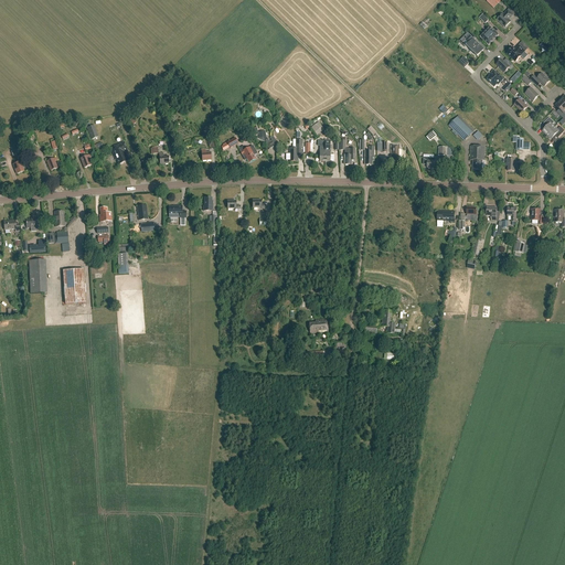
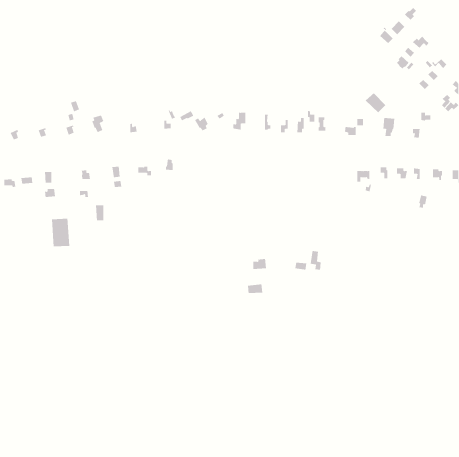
building: [30,258,47,291] -> none

